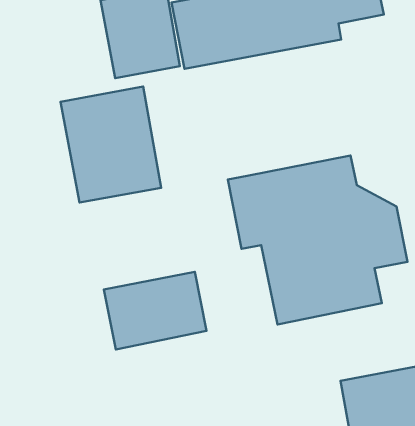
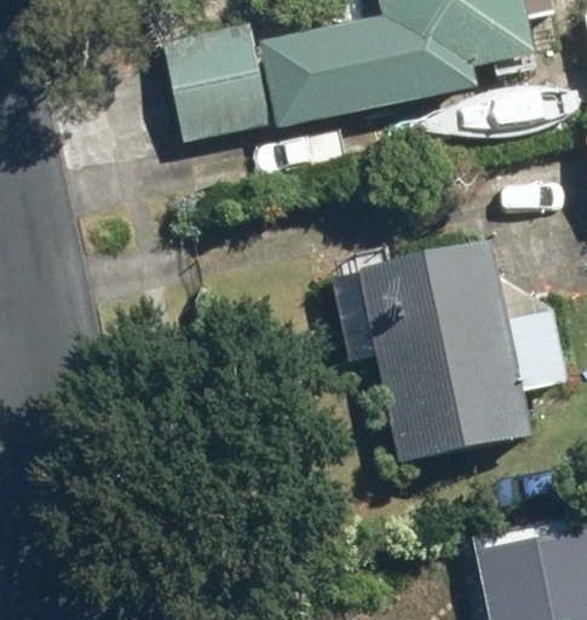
building: [60,87,161,203] -> none
building: [104,272,206,350] -> none

